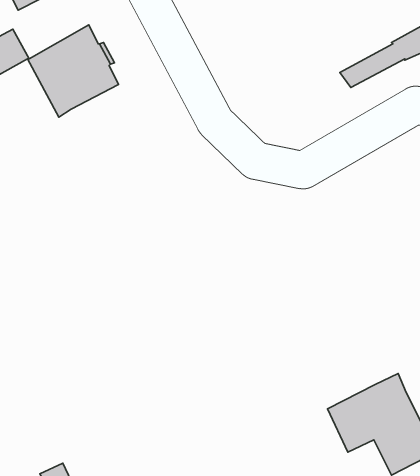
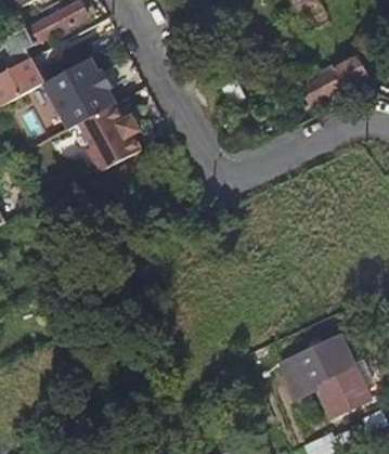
building: none -> [78,103,141,171]

